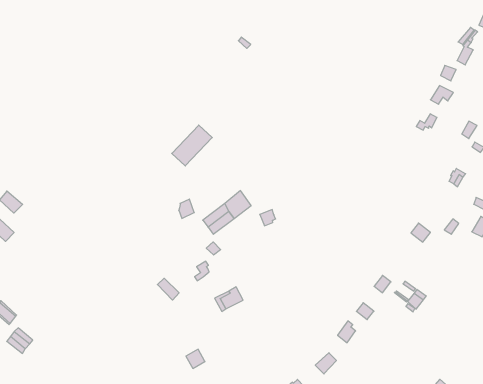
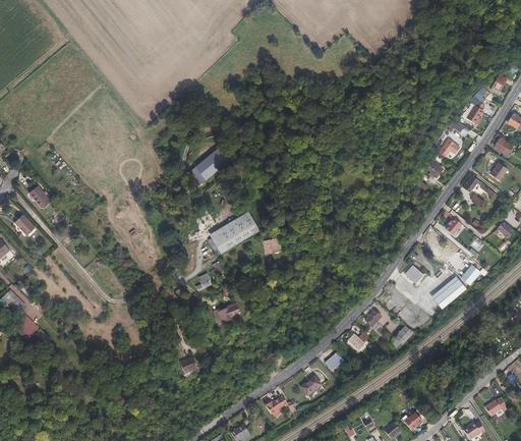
building: none -> [435,277,466,308]

